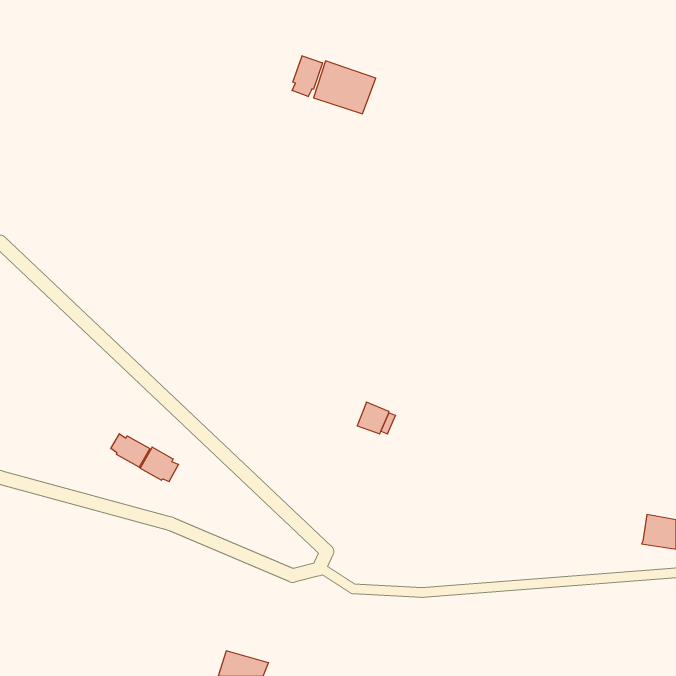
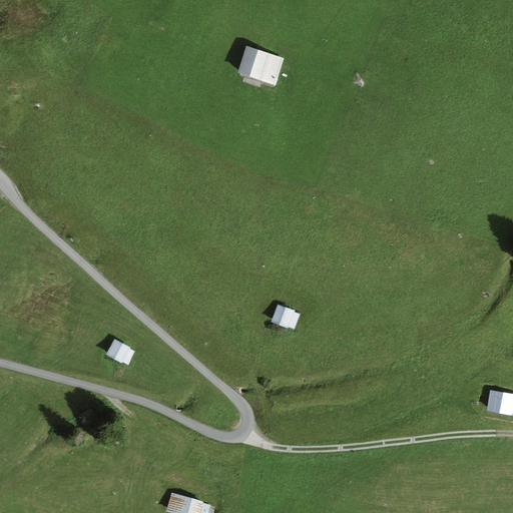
building: [292,56,322,97] -> none
building: [111,434,150,467] -> none

